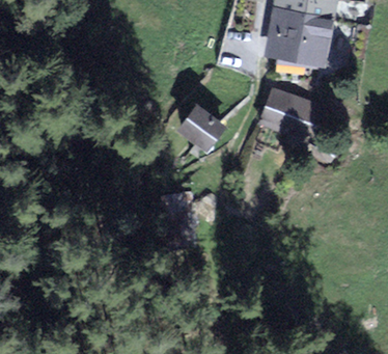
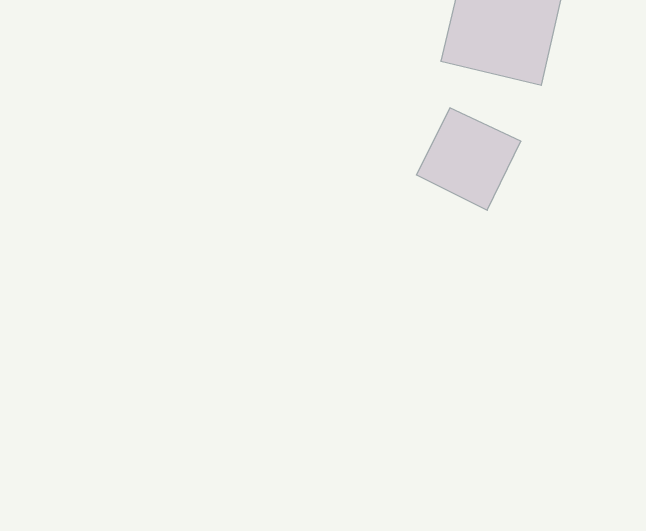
building: [181,105,228,152] -> none

